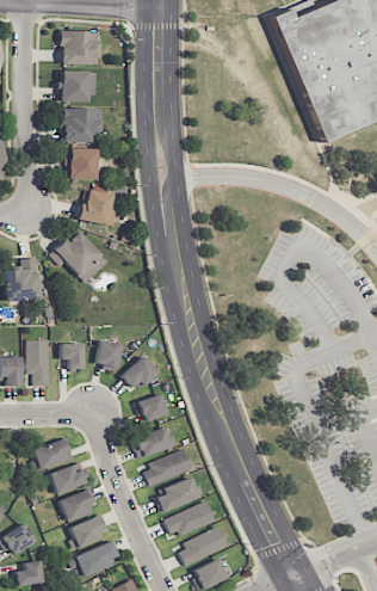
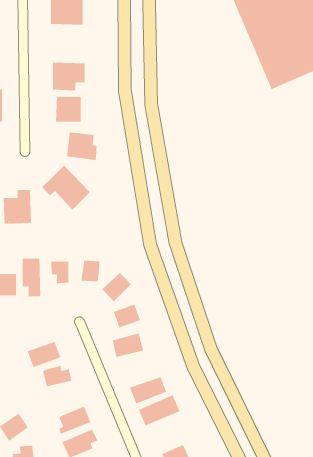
building: [61,70,95,101] -> none
building: [144,451,193,484] -> none
building: [61,488,99,521] -> none
building: [179,528,229,565] -> none

